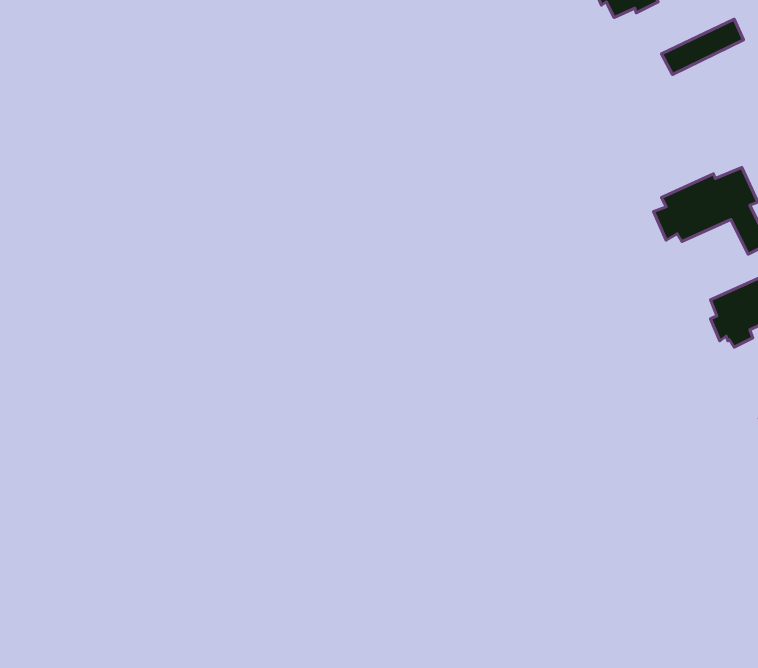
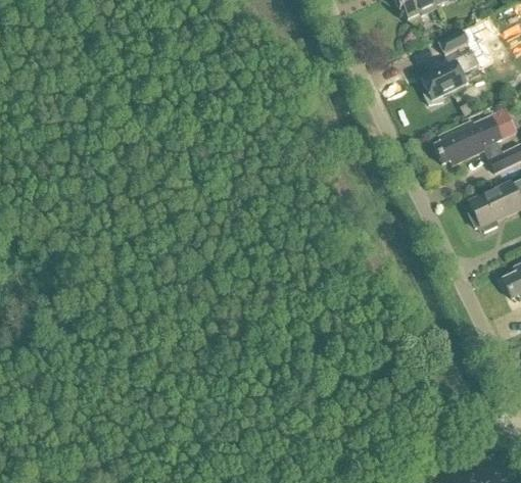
building: none -> [421,50,480,103]

